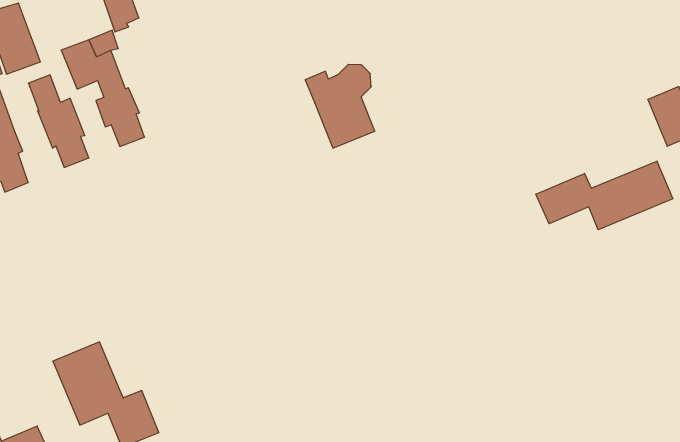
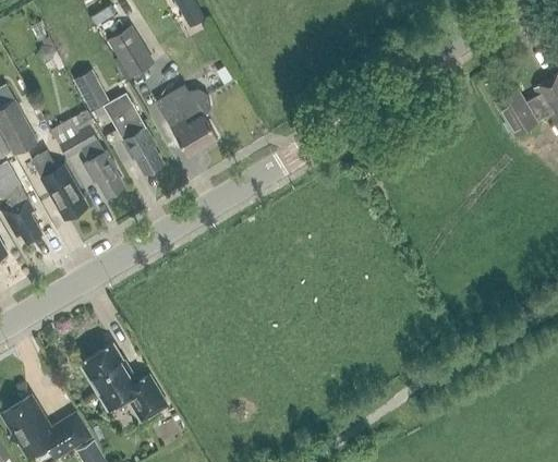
building: none -> [102,93,161,172]
building: [305,64,375,148] -> [159,90,217,156]
building: [536,161,673,230] -> none

